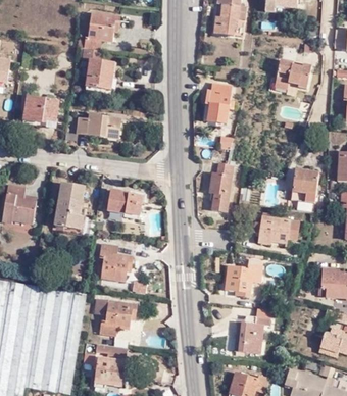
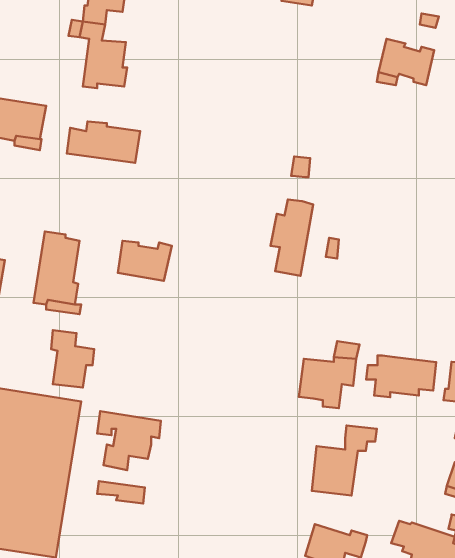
building: [206,84,232,125] -> none
building: [291,170,319,203] -> none
building: [251,216,296,243] -> [366,356,436,397]
building: [109,245,137,282] -> [51,330,94,387]
building: [94,358,125,389] -> none

